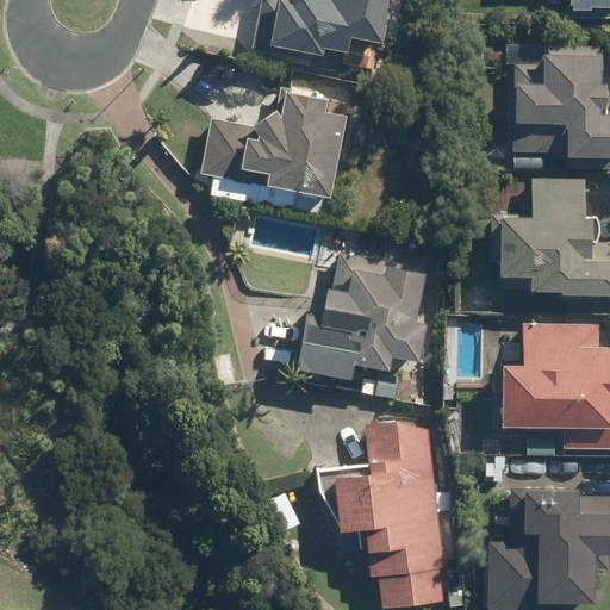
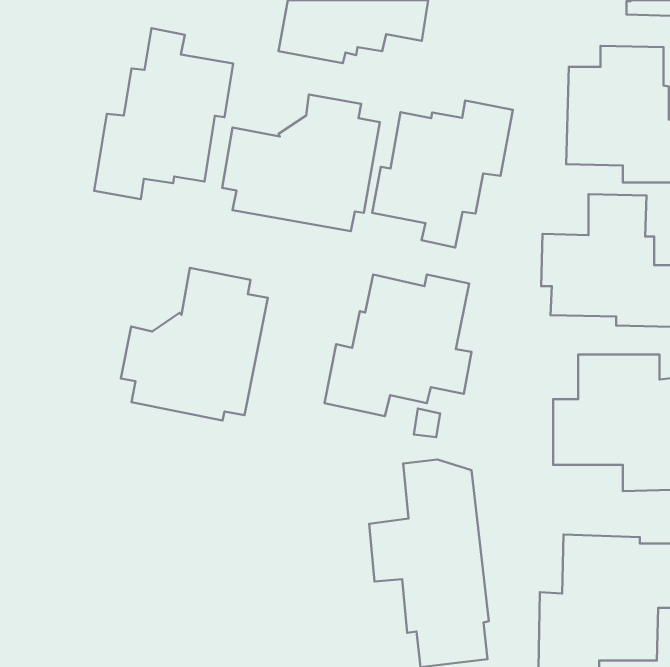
building: none -> [94,28,233,199]
building: none -> [372,100,513,248]
building: none -> [121,268,268,421]

